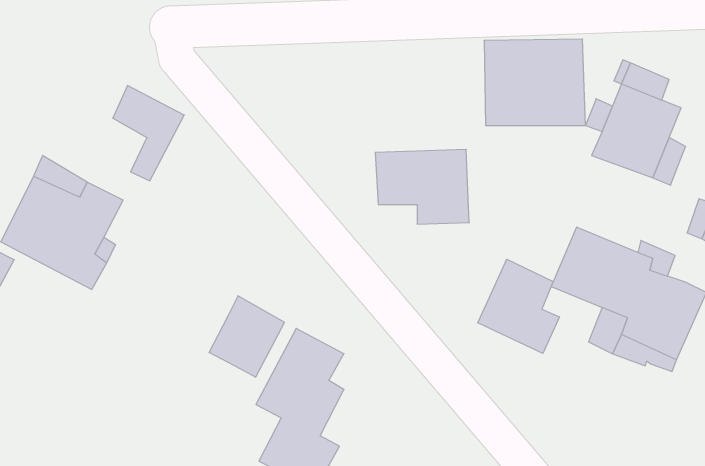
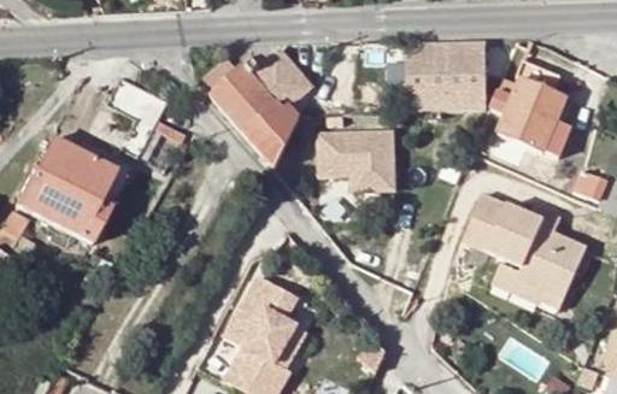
building: none -> [207,47,313,171]
building: [478,259,559,353] -> none
building: [209,296,284,377] -> none

